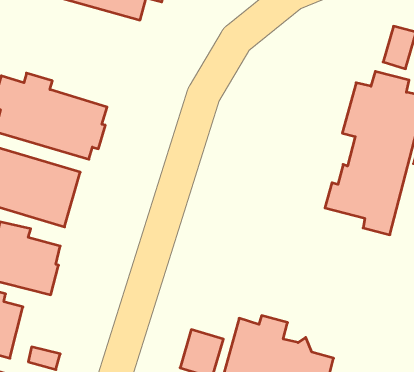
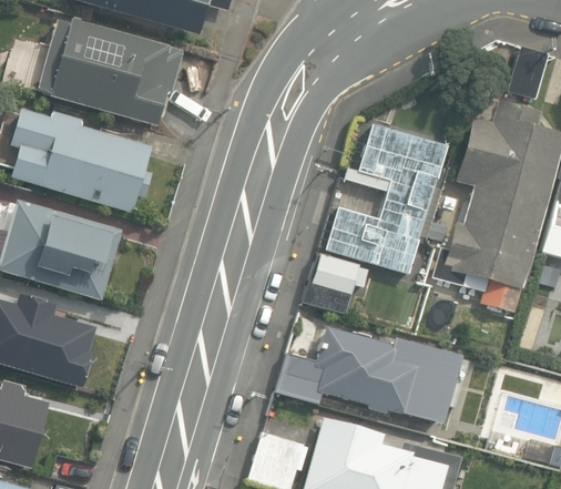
building: none -> [39,18,186,125]
building: none -> [327,126,446,272]
building: none -> [303,253,368,313]
building: none -> [276,327,460,424]

